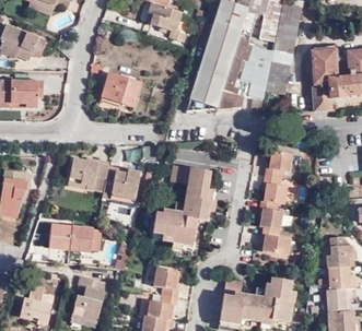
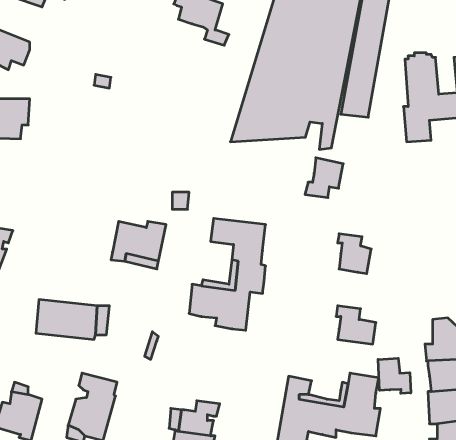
building: [100,71,140,105] -> none
building: [265,150,292,178] -> [305,158,343,198]
building: [68,156,108,189] -> none
building: [260,201,283,229] -> none
building: none -> [378,358,411,393]
building: [155,269,180,297] -> none

